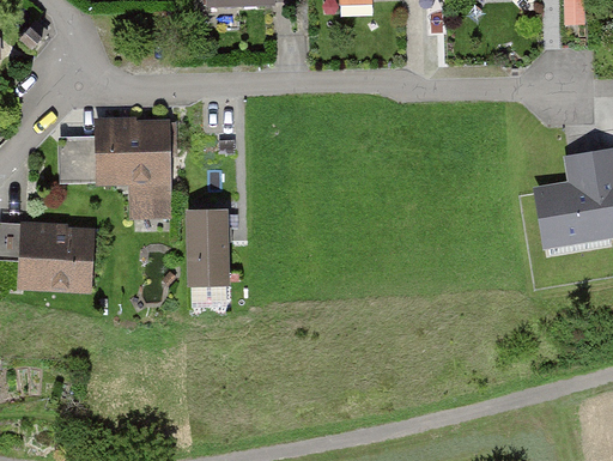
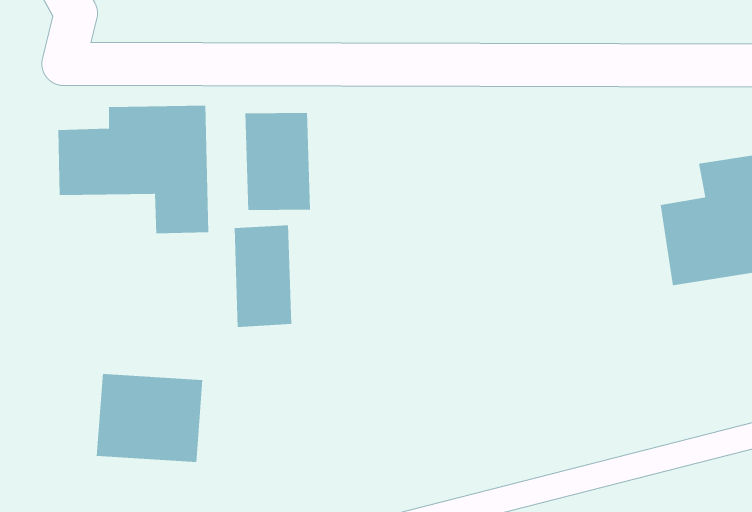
building: none -> [245,112,310,211]
building: [17,223,101,292] -> [96,374,203,462]

